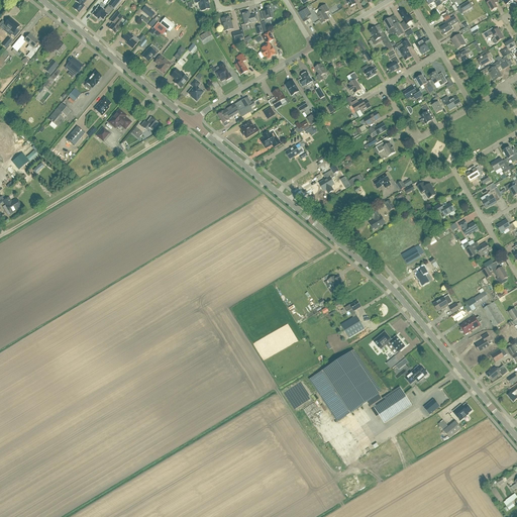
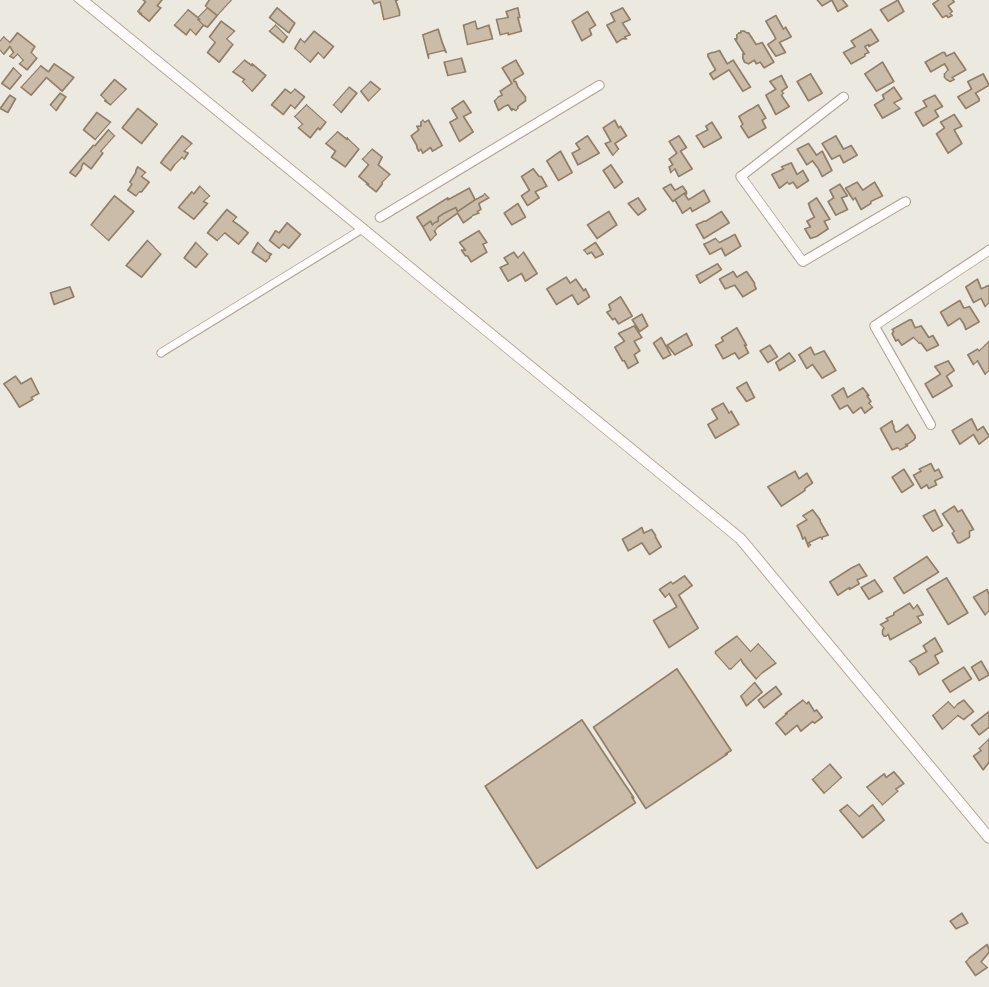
building: none -> [485,720,636,869]
building: [370,386,411,422] -> none

